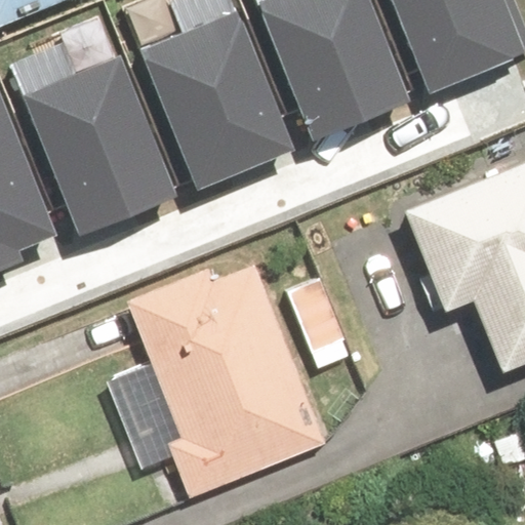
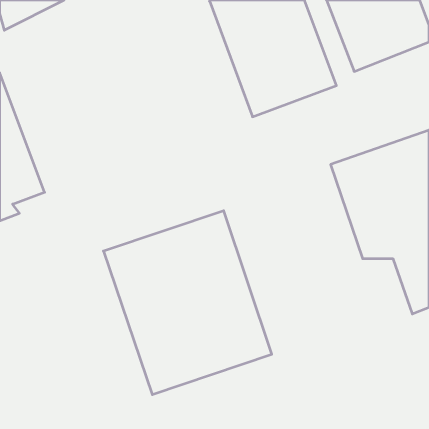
building: [140,11,296,191] -> none
building: [25,56,179,236] -> none

